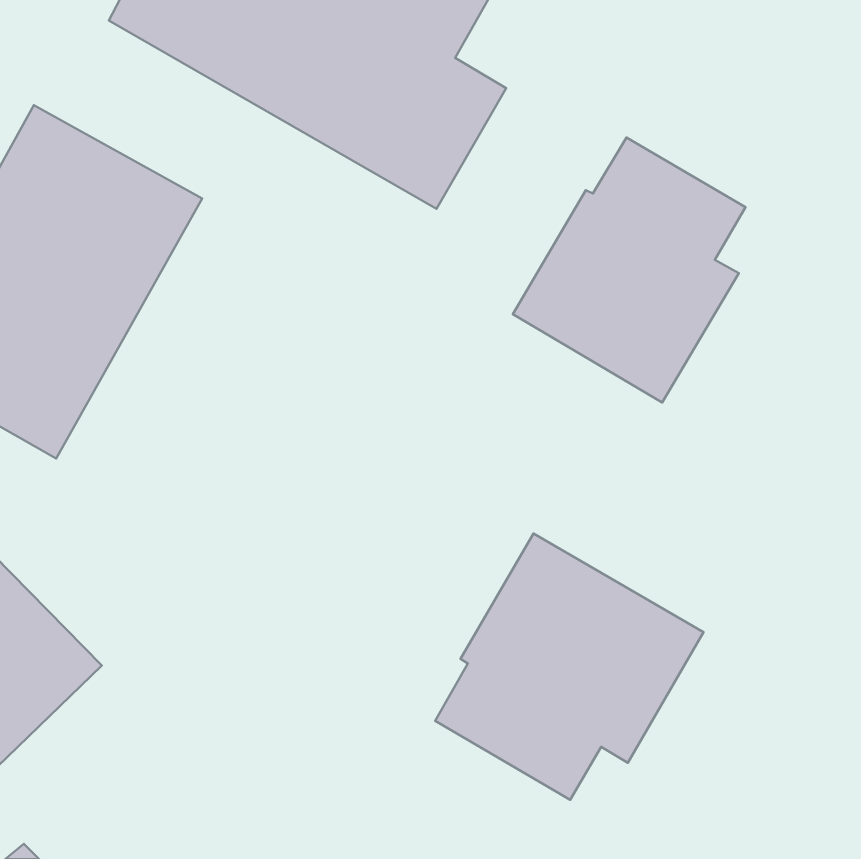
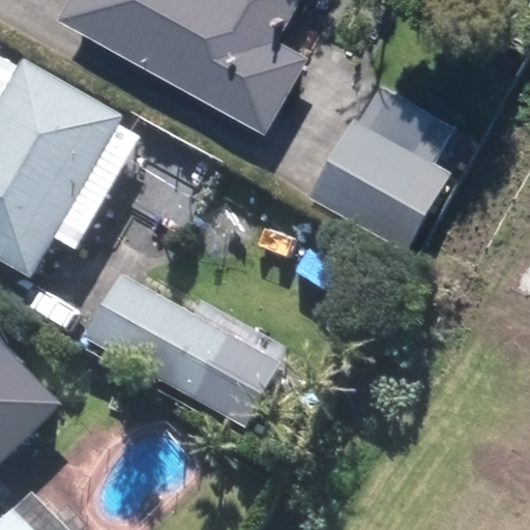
building: none -> [88,276,279,429]
building: [435,534,704,800] -> none

